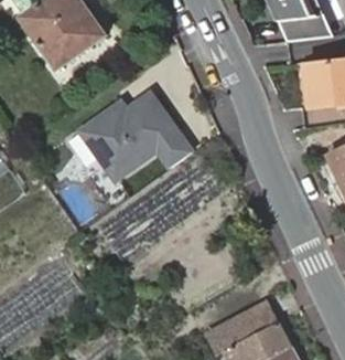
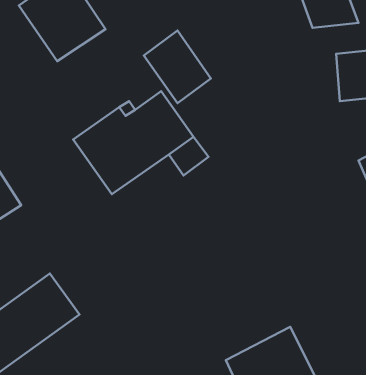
building: none -> [144,31,211,103]

